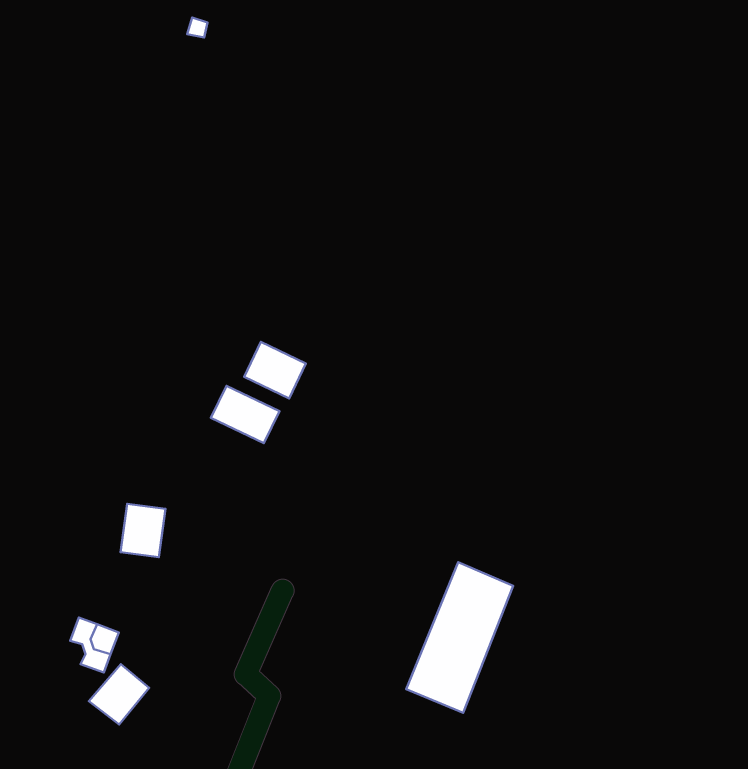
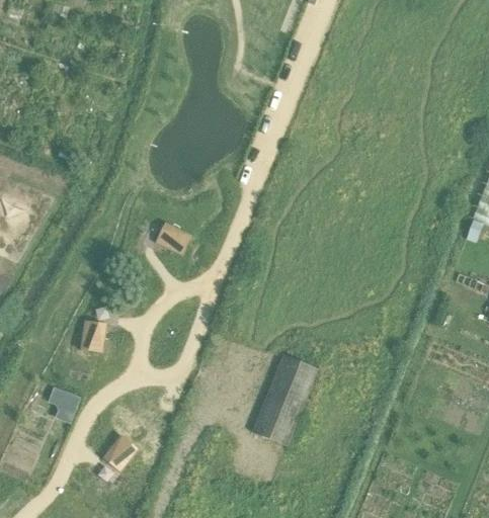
building: [211,386,279,443] -> none
building: [89,664,149,724] -> [102,434,139,470]

